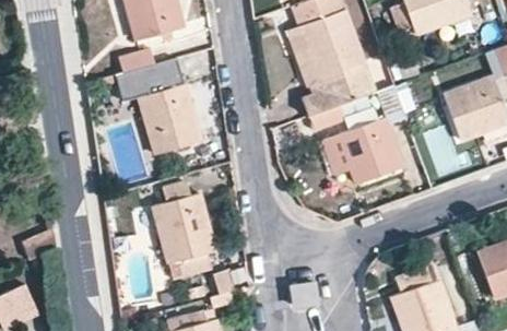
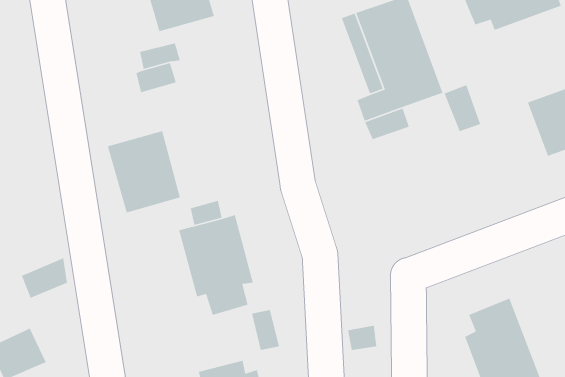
building: [139,83,201,153] -> [107,130,181,214]
building: [321,117,399,182] -> none

